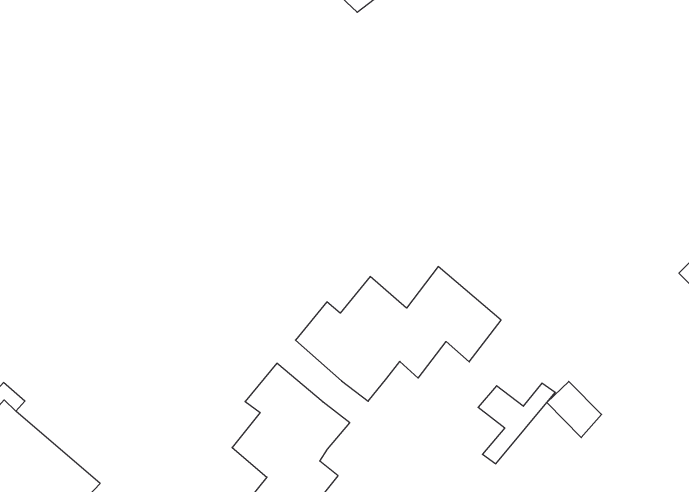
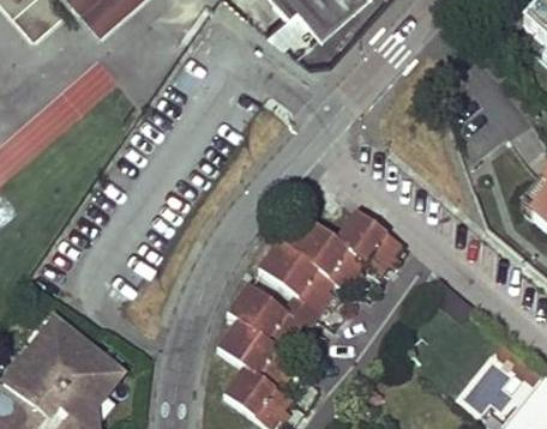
building: [478,383,555,464] -> [282,292,335,350]

